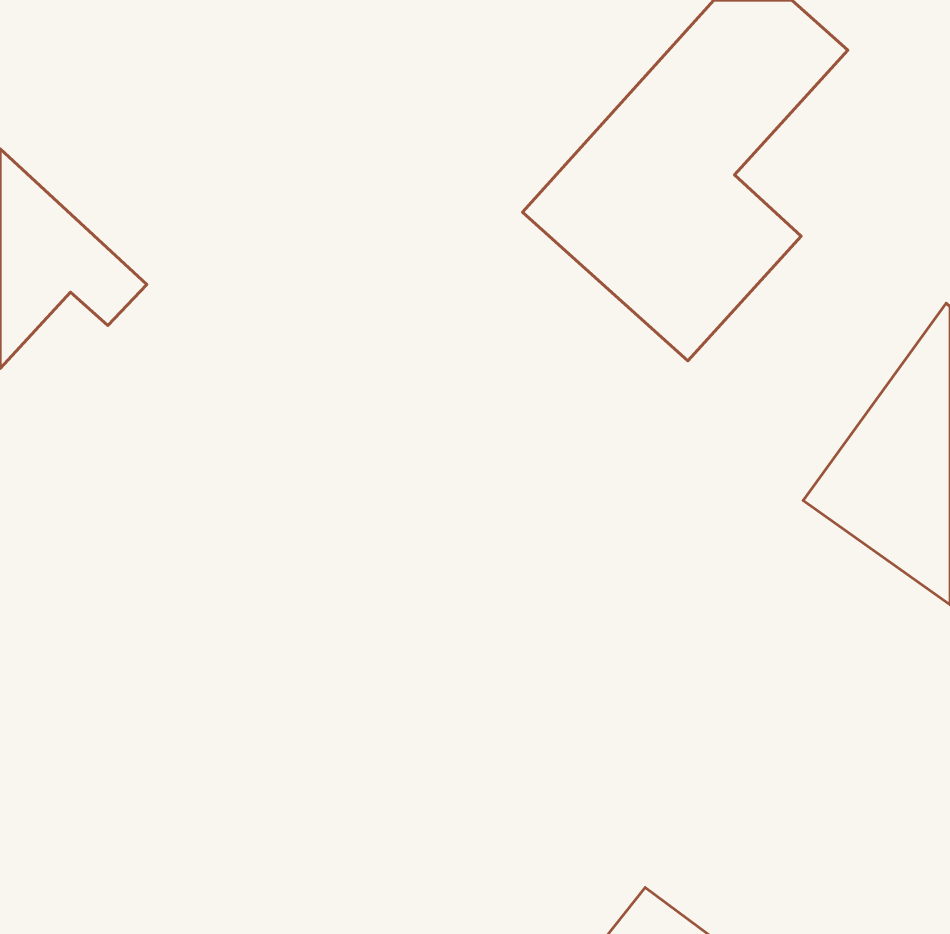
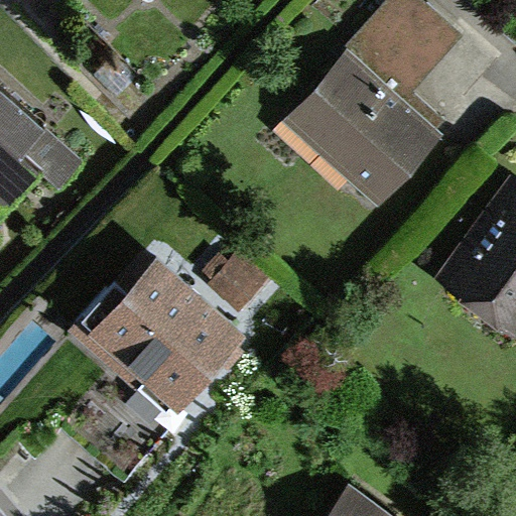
building: none -> [73,250,269,414]

